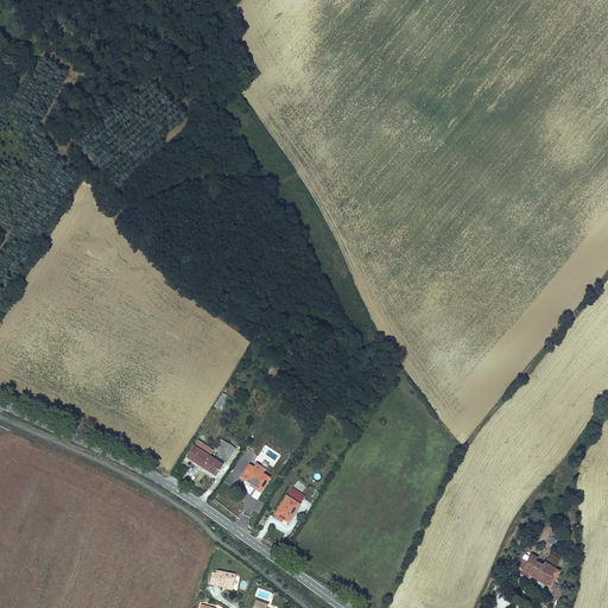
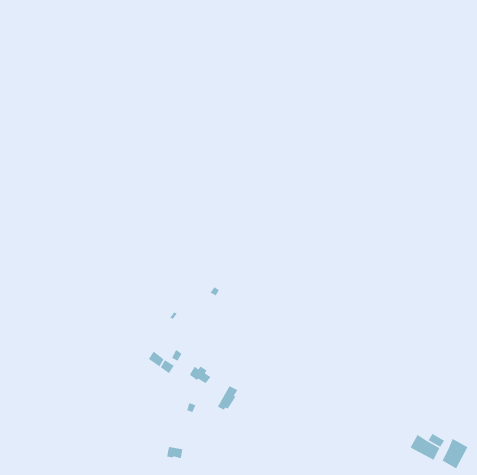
building: none -> [441,438,469,469]

